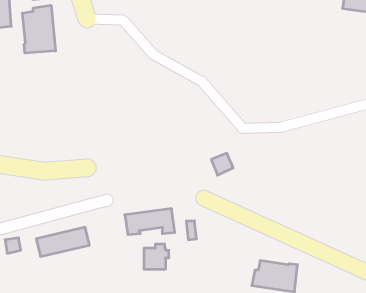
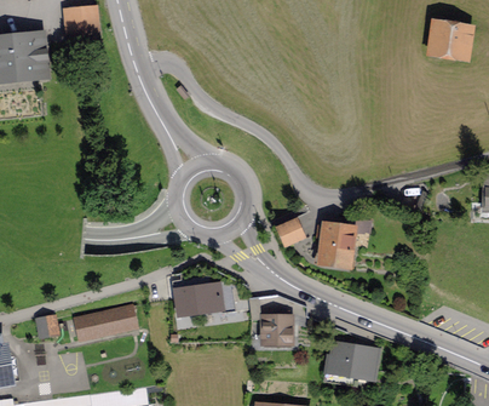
building: [22,5,56,53] -> none
building: none -> [318,218,369,263]
building: [144,244,169,269] -> [264,311,293,341]

